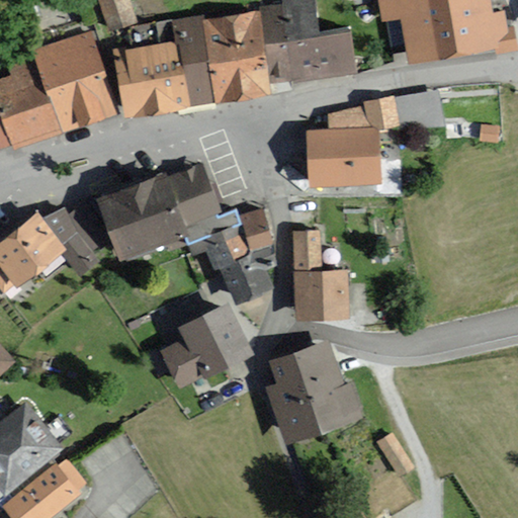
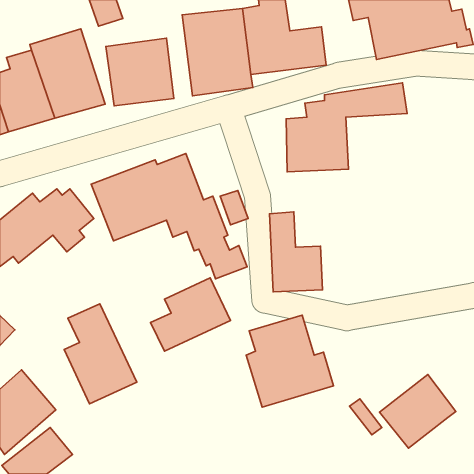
building: [179,16,209,107] -> none
building: none -> [64,304,137,404]
building: none -> [379,375,456,448]

